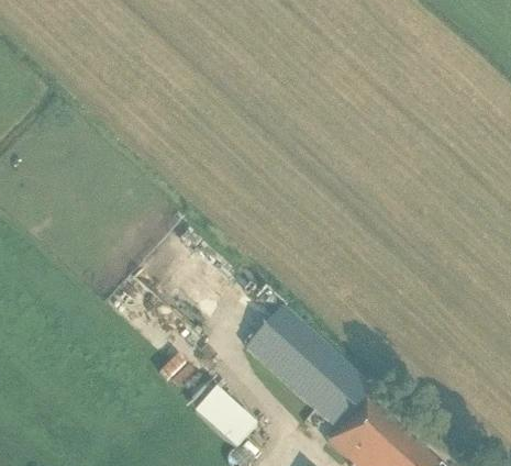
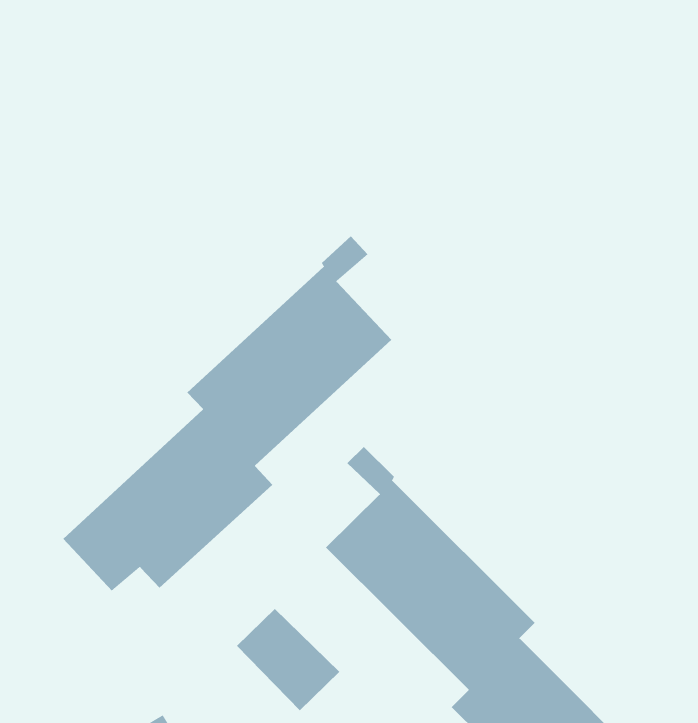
building: none -> [62,236,392,591]

